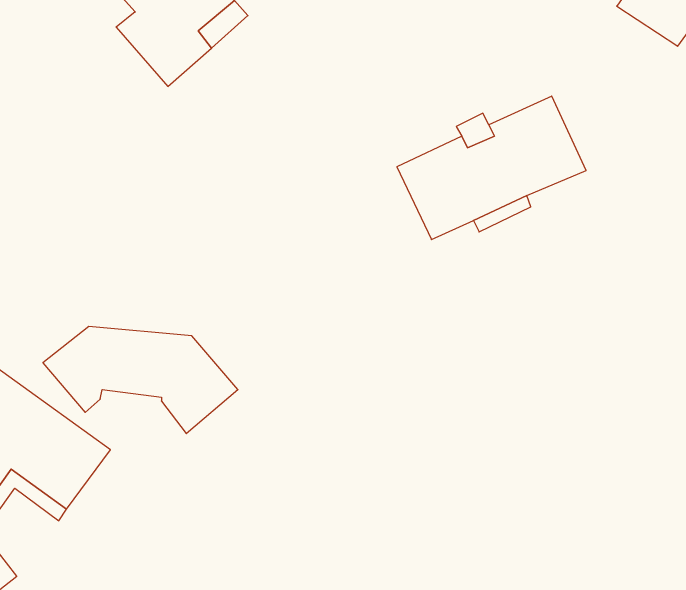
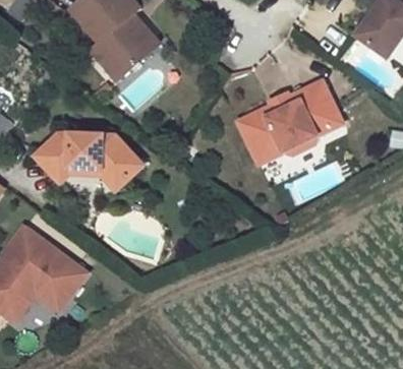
building: [43,326,238,434] -> [37,131,140,188]

